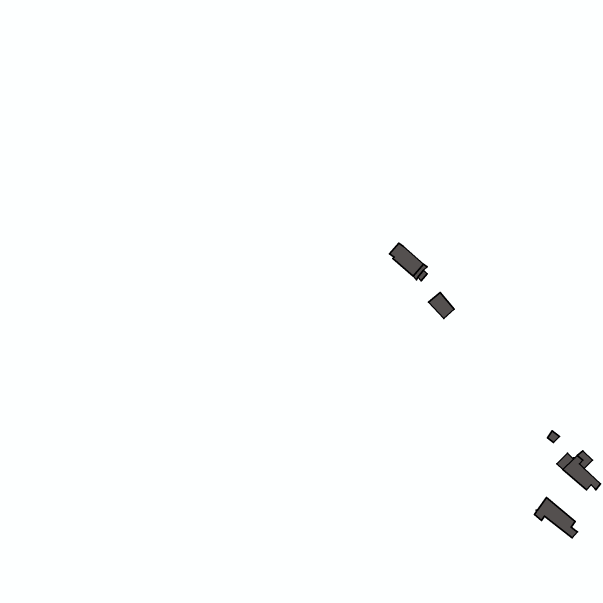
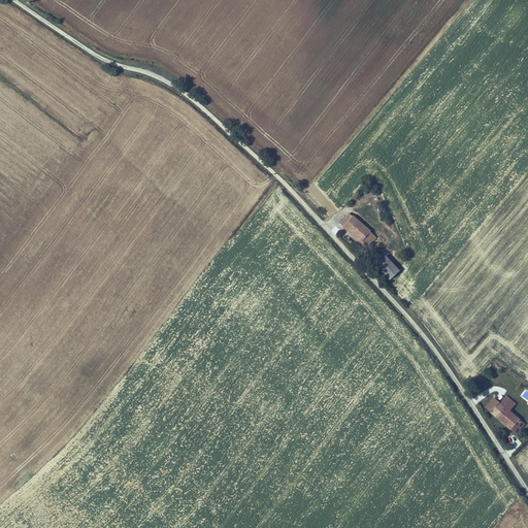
building: [535,497,577,538] -> none

